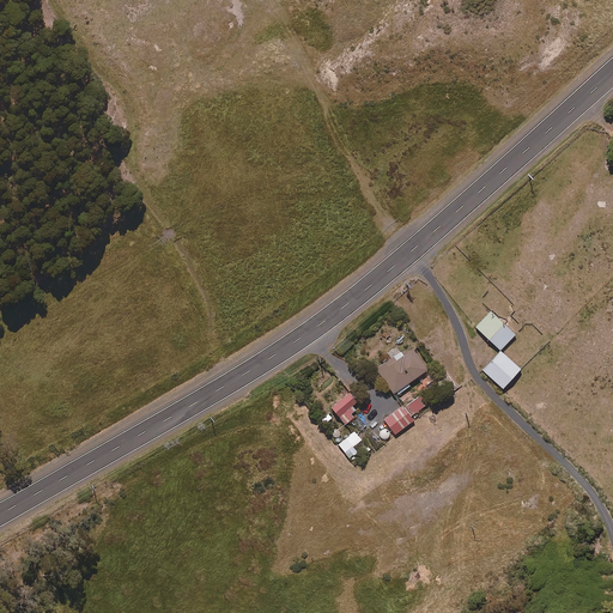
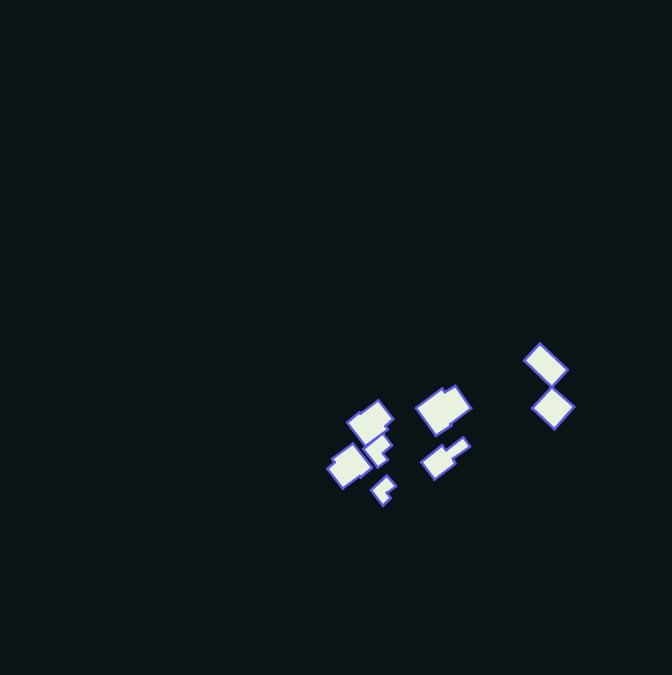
building: none -> [347,400,393,446]
building: none -> [327,443,372,489]

